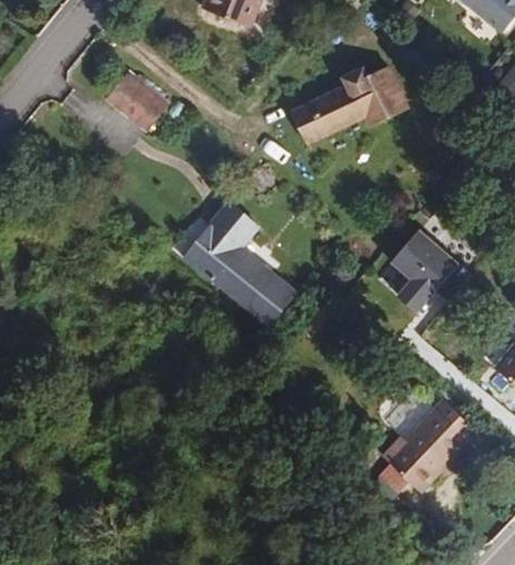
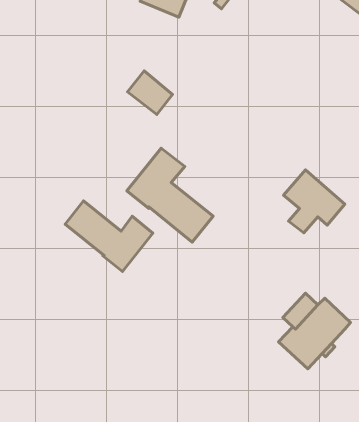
building: [290,65,407,143] -> none
building: [107,72,167,129] -> [127,71,173,115]
building: none -> [65,201,153,271]

